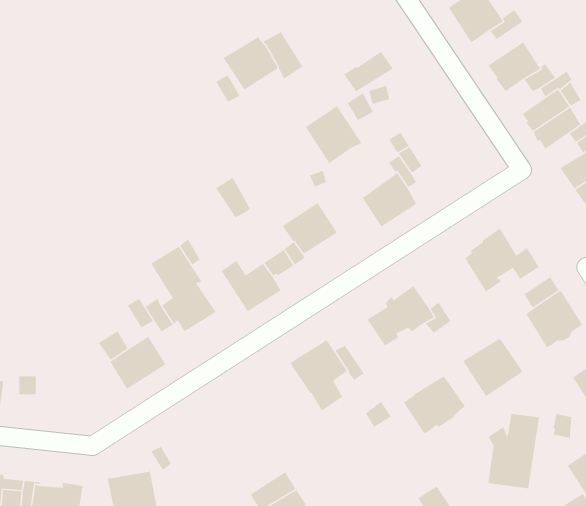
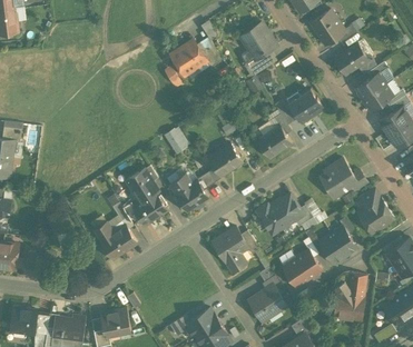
building: [305,105,362,165] -> [239,23,275,60]
building: none -> [289,90,323,125]
building: none -> [249,286,286,321]

